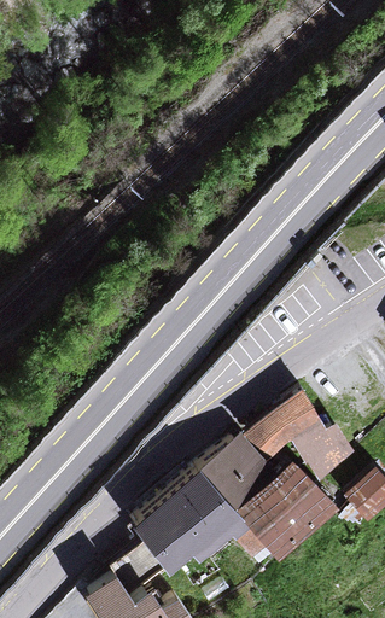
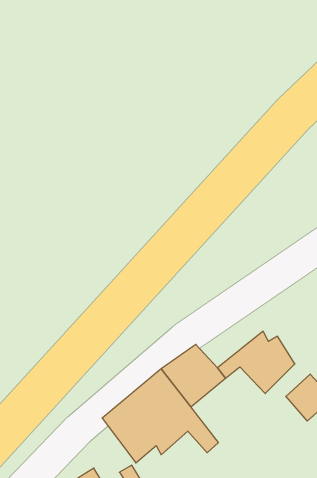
building: [240,389,320,462] -> none
building: [234,461,338,564] -> none

